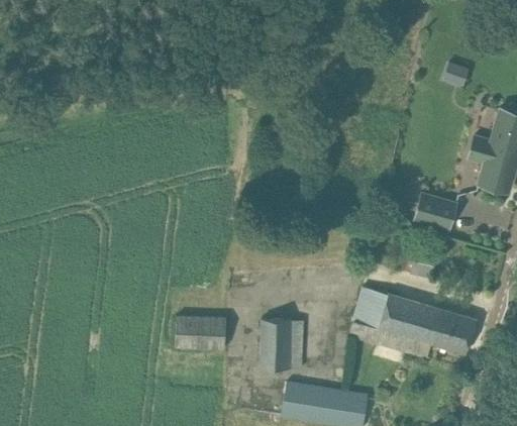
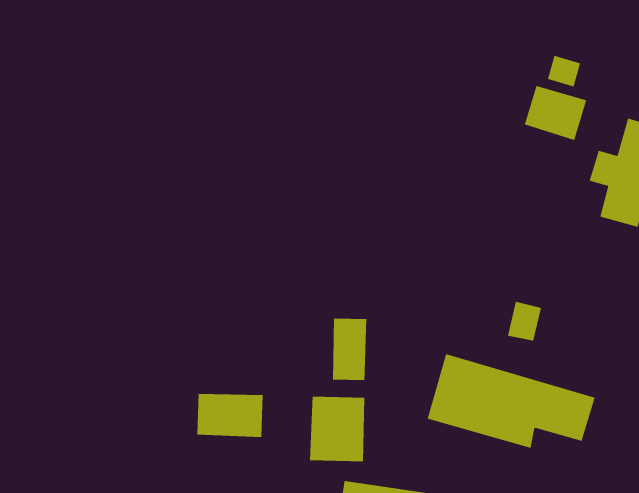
building: none -> [524,85,587,141]
building: [413,194,457,230] -> none
building: none -> [333,318,367,381]

